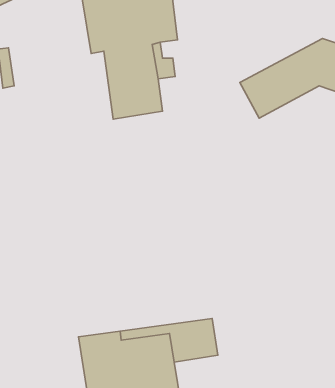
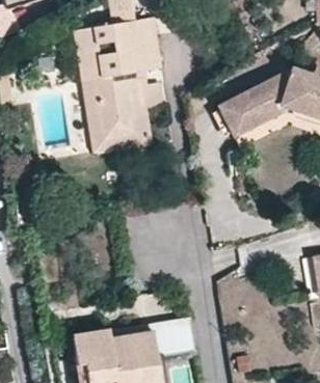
building: none -> [83,78,149,152]

